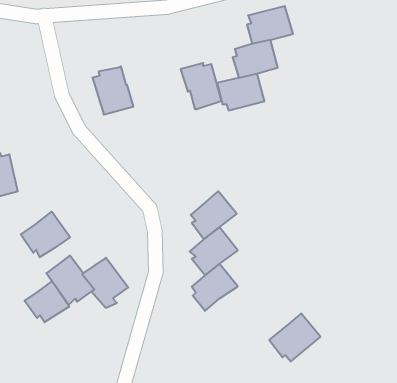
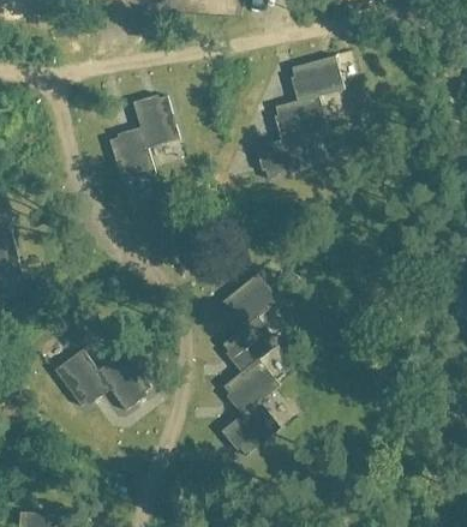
building: [181,63,222,109] -> [132,94,180,148]
building: [21,212,70,257] -> none
building: [25,281,69,322] -> none
building: [269,313,320,361] -> [221,399,281,455]

